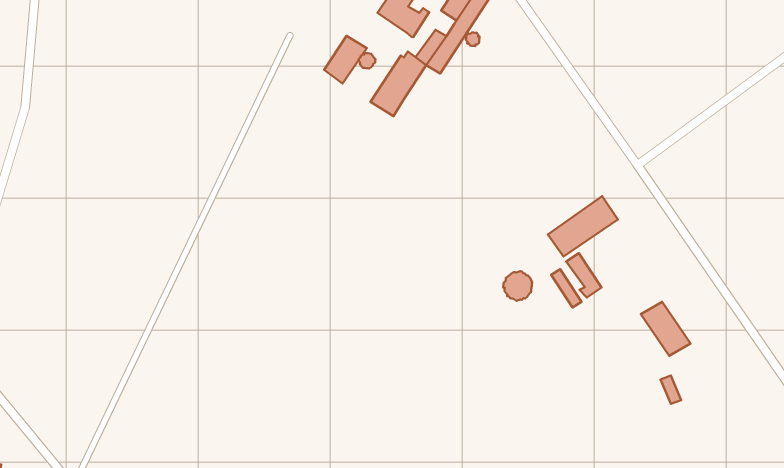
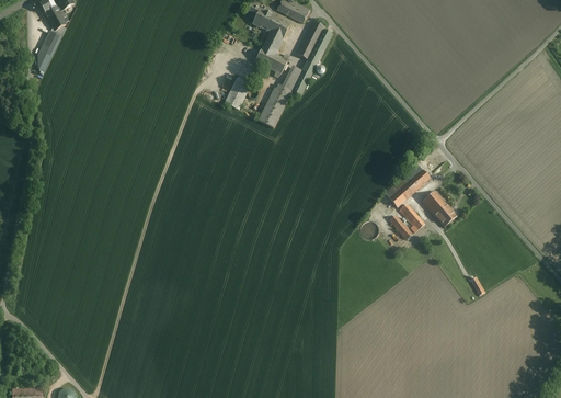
building: [641,302,690,356] -> [421,191,456,226]

